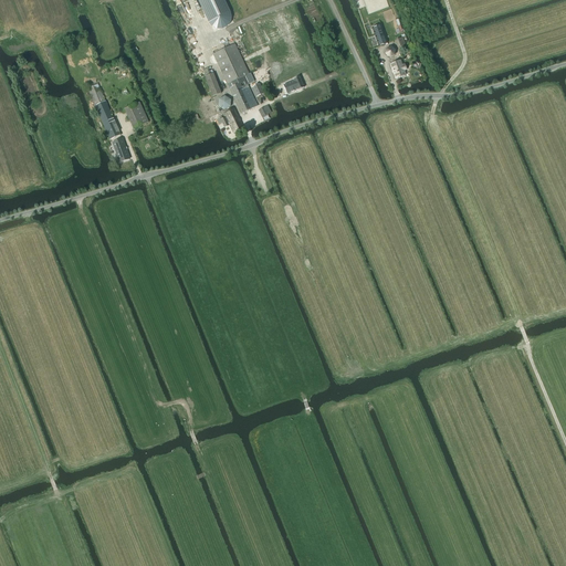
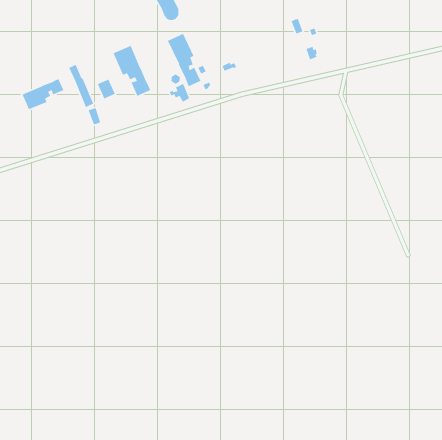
building: none -> [113,45,151,97]
building: none -> [22,78,64,110]

